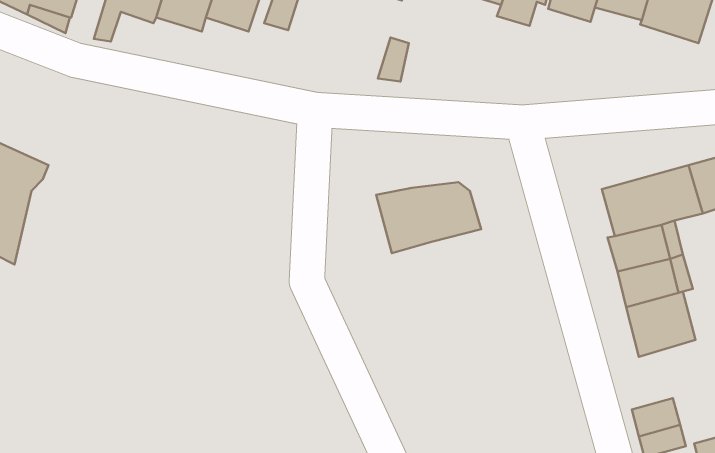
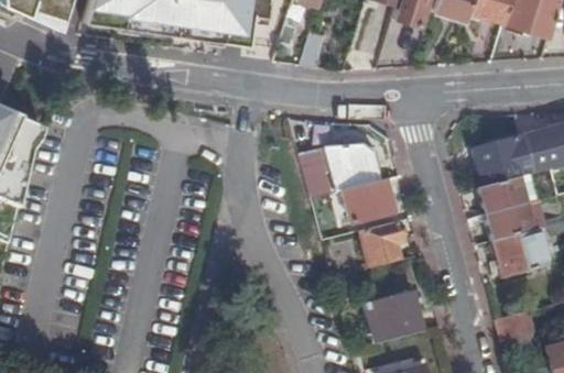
building: none -> [343,179,393,223]
building: none -> [360,222,401,268]
building: none -> [365,292,424,343]

